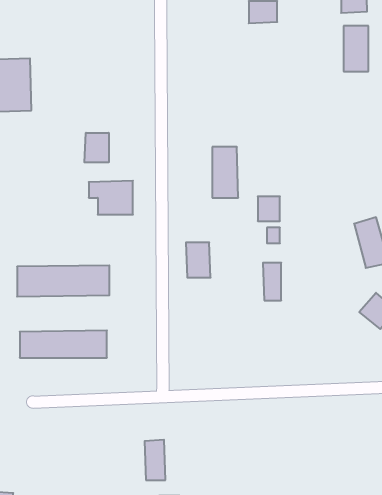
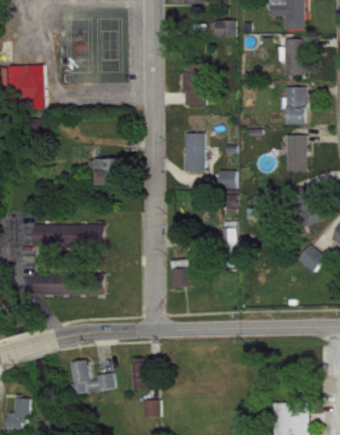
building: none -> [183,62,206,105]
building: none -> [285,86,305,124]
building: [84,133,109,162] -> none
building: none -> [286,134,306,170]
building: [186,242,211,278] -> [172,260,191,287]
building: none -> [71,359,115,394]

